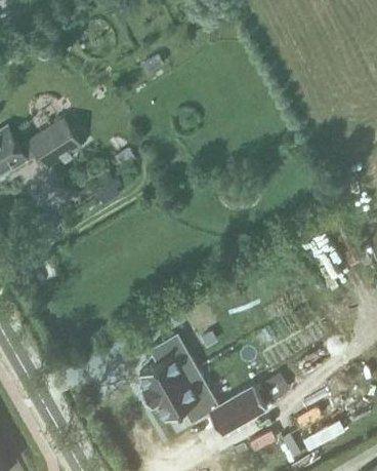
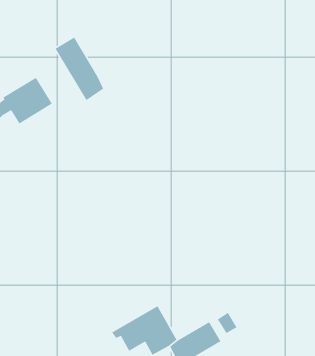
building: none -> [54,37,104,101]
building: [138,335,197,399] -> none

